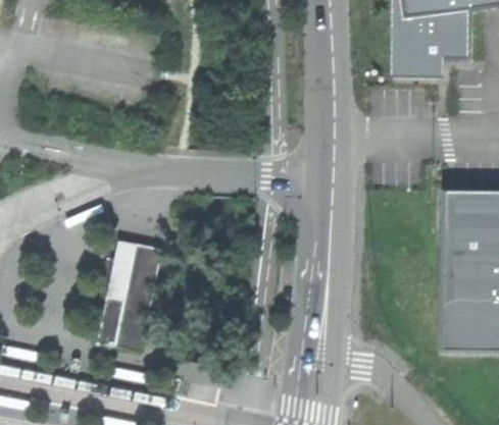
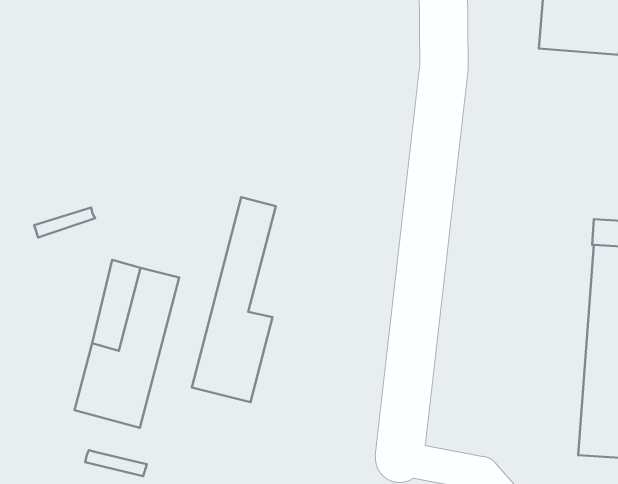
building: none -> [192,197,276,402]

